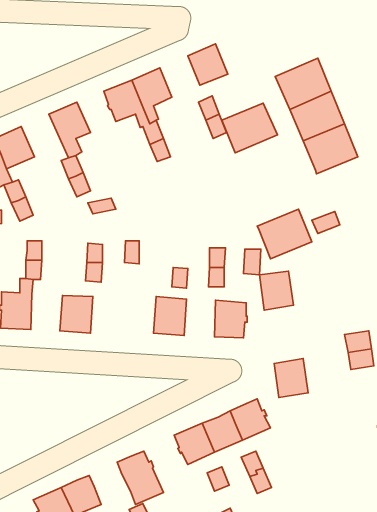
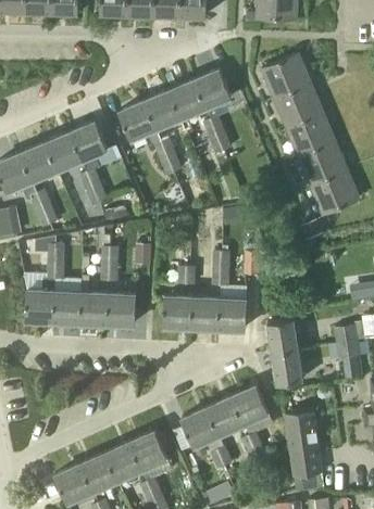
building: none -> [170,79,205,116]
building: [222,103,278,153] -> [261,53,311,98]
building: none -> [46,131,83,169]
building: [257,209,312,259] -> [310,169,359,214]
building: [259,271,294,310] -> [267,319,298,354]
building: none -> [54,292,83,325]
building: none -> [108,294,138,328]
building: none -> [191,296,220,330]
building: none -> [285,410,322,476]
building: none -> [107,442,144,480]

